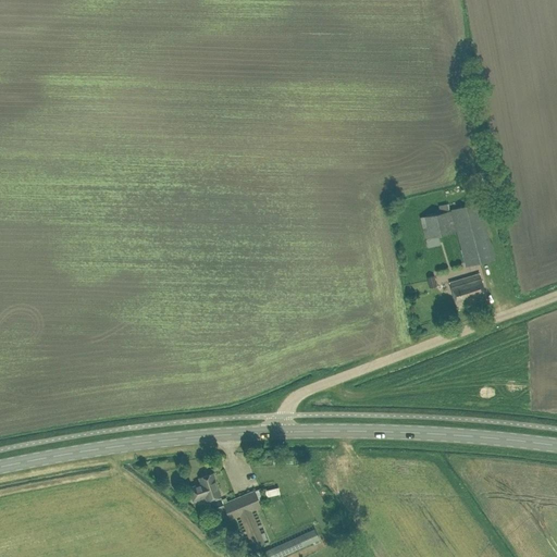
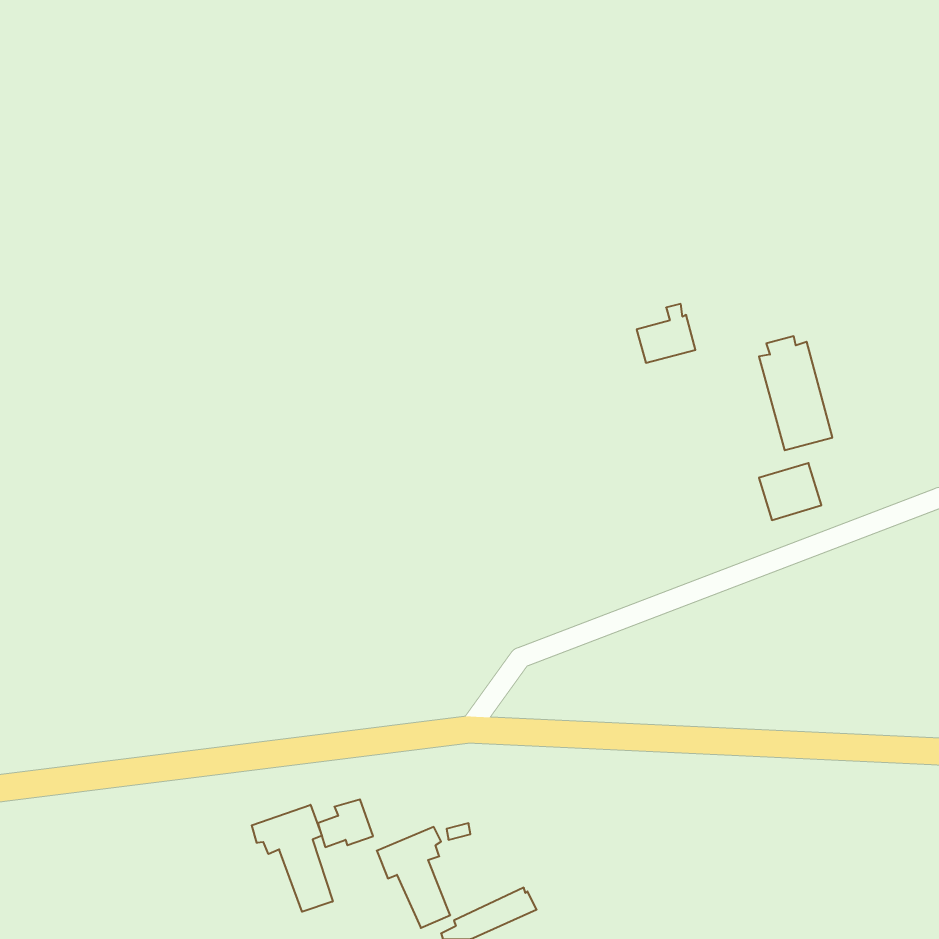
building: [420,205,455,239] -> [637,304,695,363]
building: none -> [252,805,333,912]

